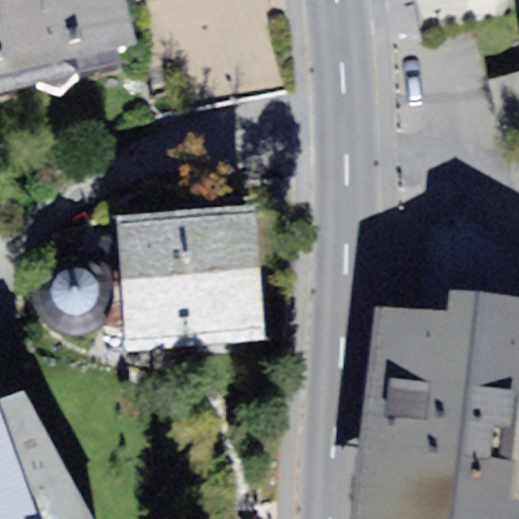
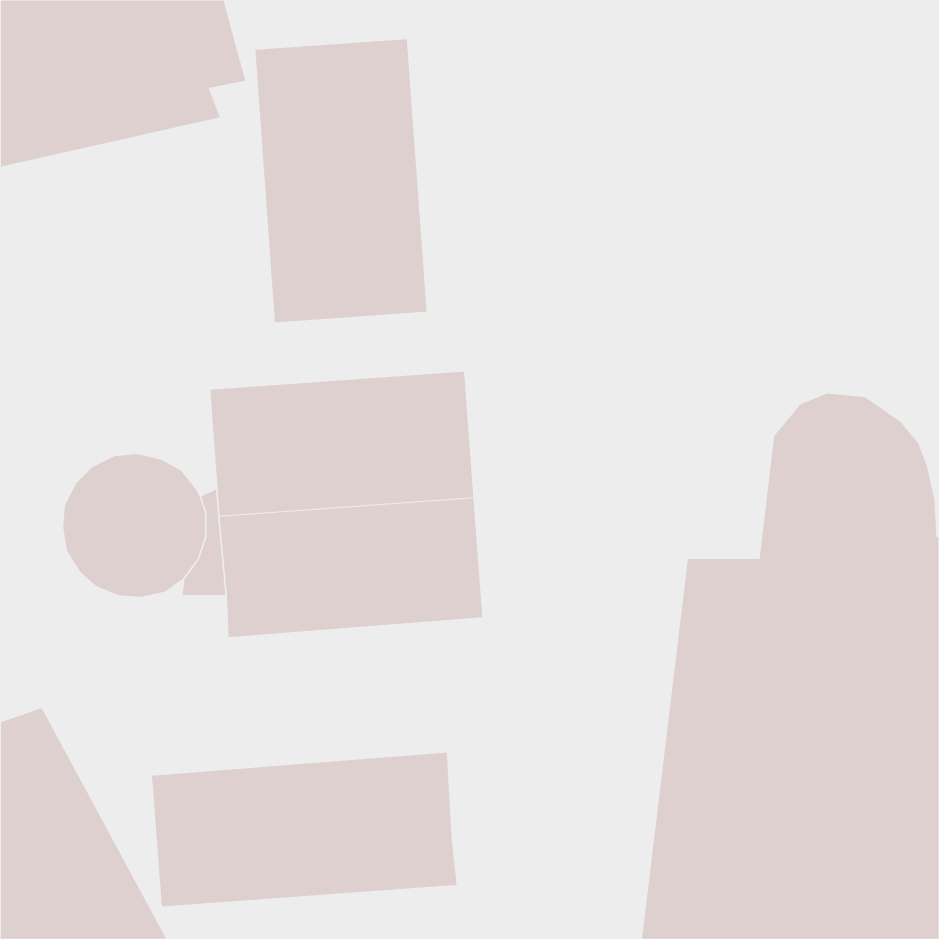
building: none -> [255,38,427,323]
building: none -> [152,752,457,907]

